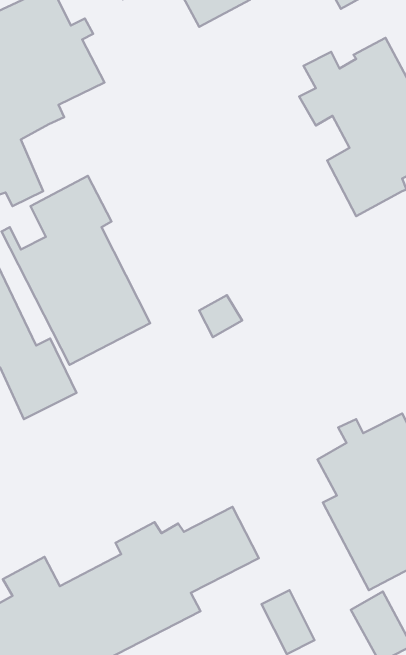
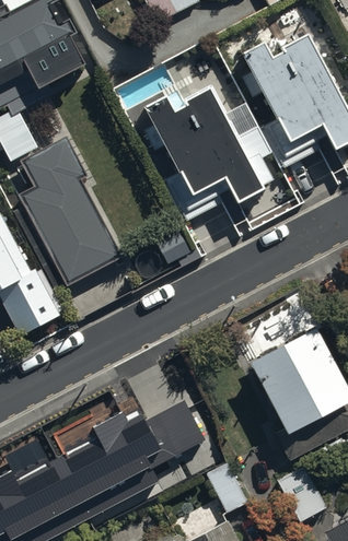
building: none -> [143,83,272,226]

